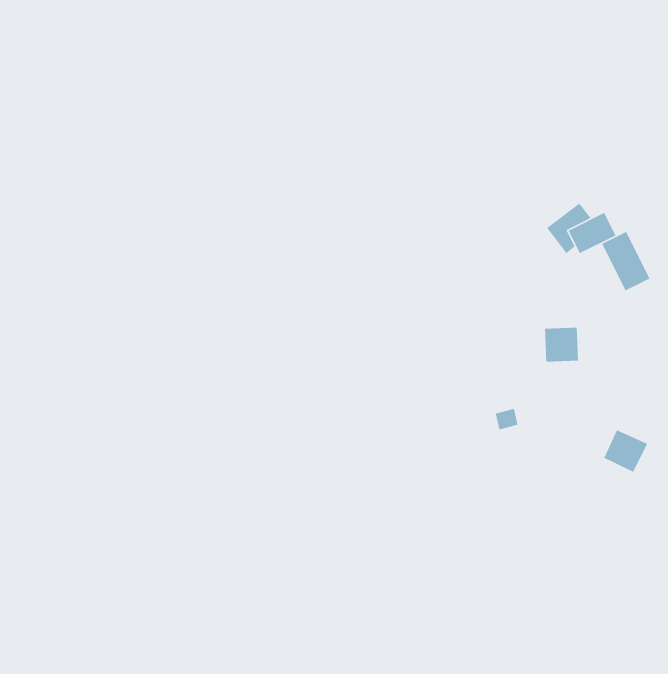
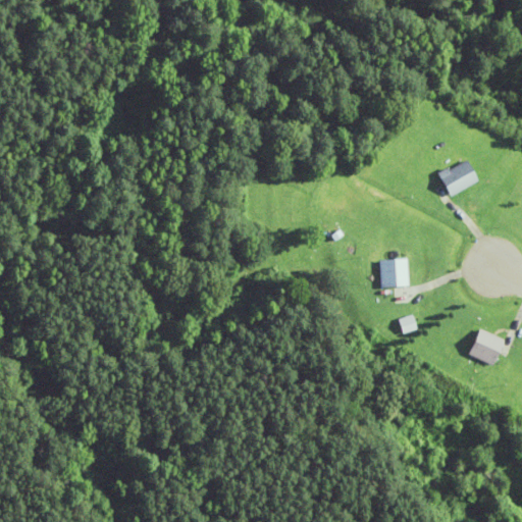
building: [601,231,650,292] -> none
building: [544,327,579,363] -> [381,259,408,286]

